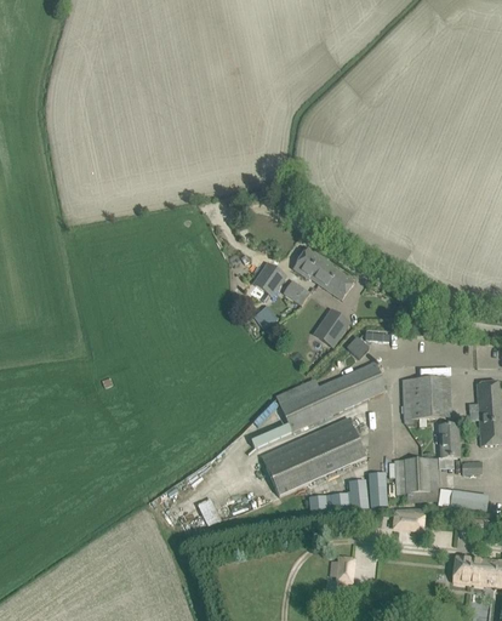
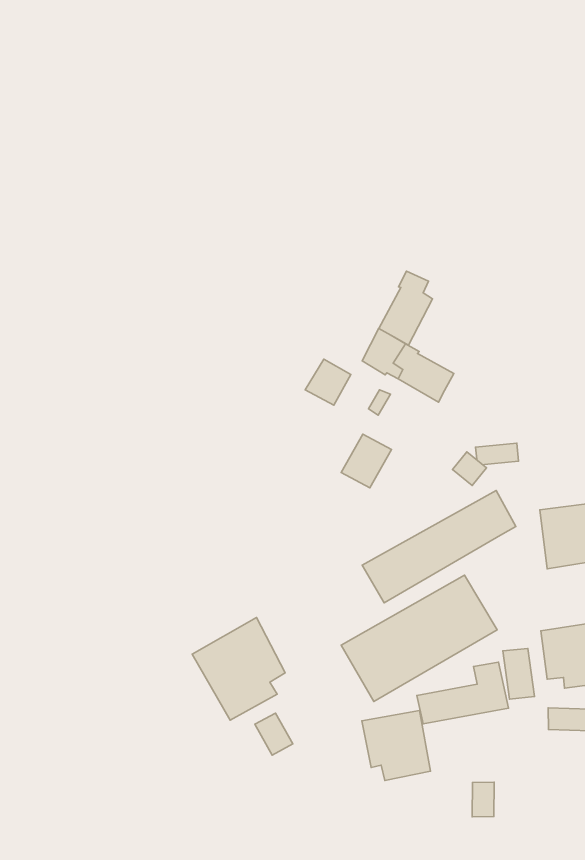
building: none -> [379,271,433,345]
building: [313,308,348,344] -> [341,434,392,488]
building: none -> [192,617,285,720]
building: none -> [362,710,431,781]

